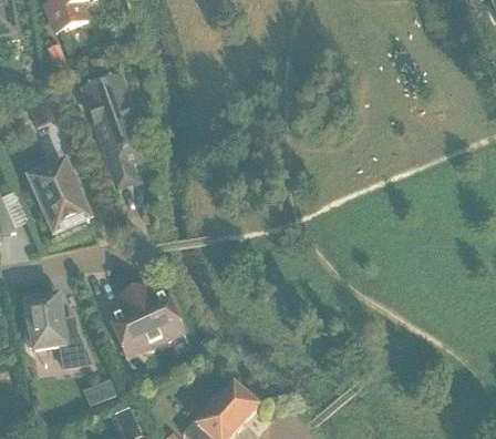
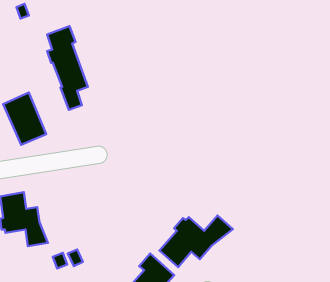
building: [108,283,183,355] -> none
building: none -> [160,216,233,267]

